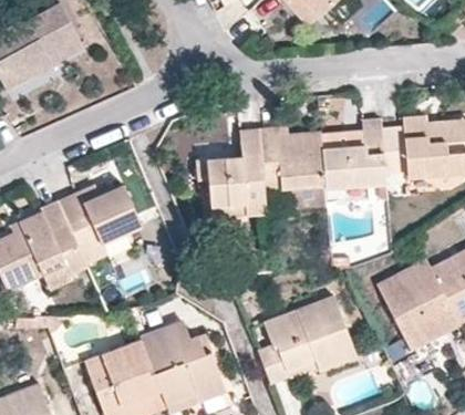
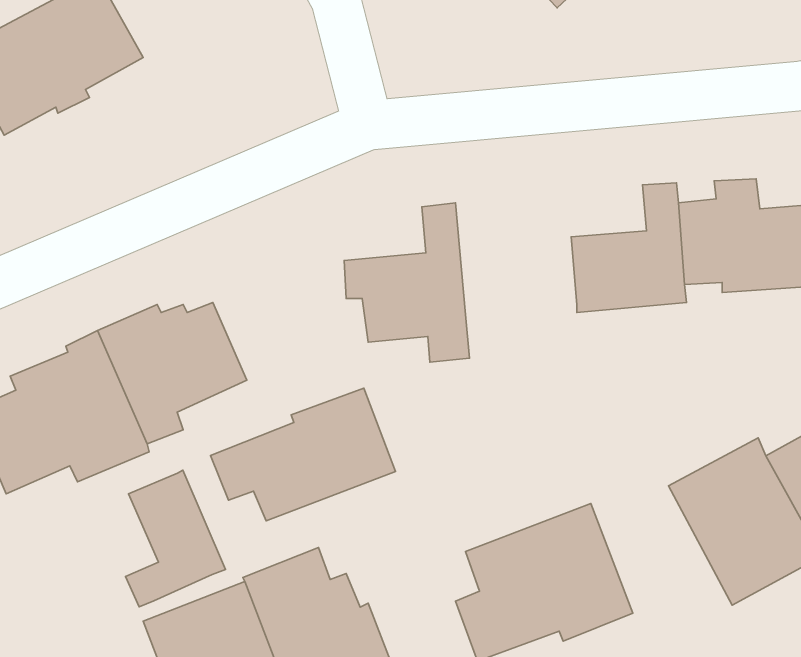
building: [258,126,326,190] -> none
building: none -> [210,388,395,521]
building: none -> [125,470,225,607]

